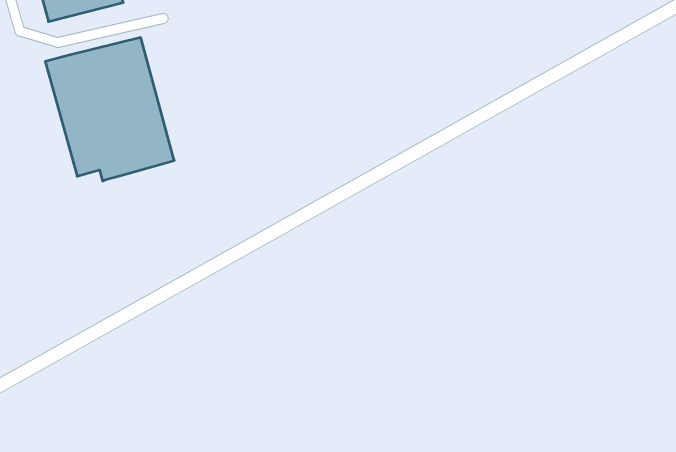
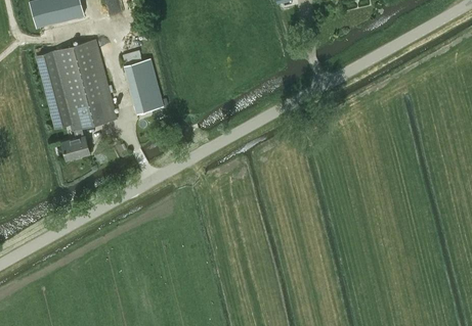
building: none -> [124,58,163,112]
building: none -> [61,128,89,159]

